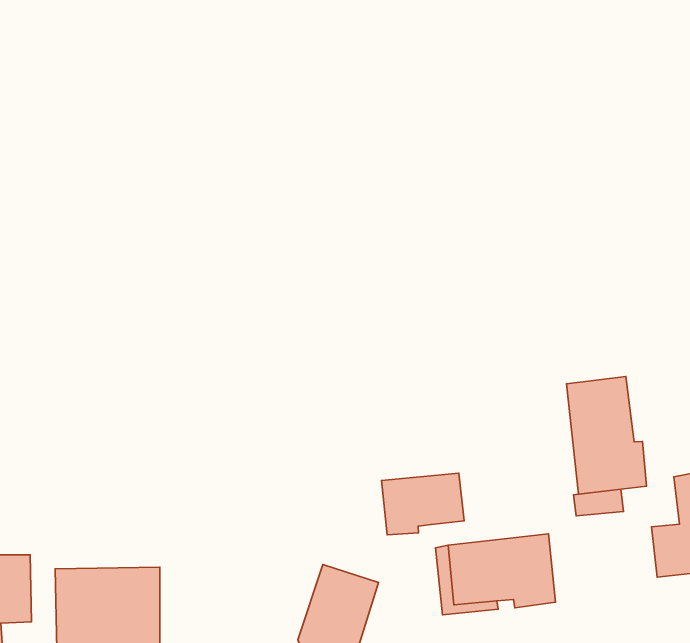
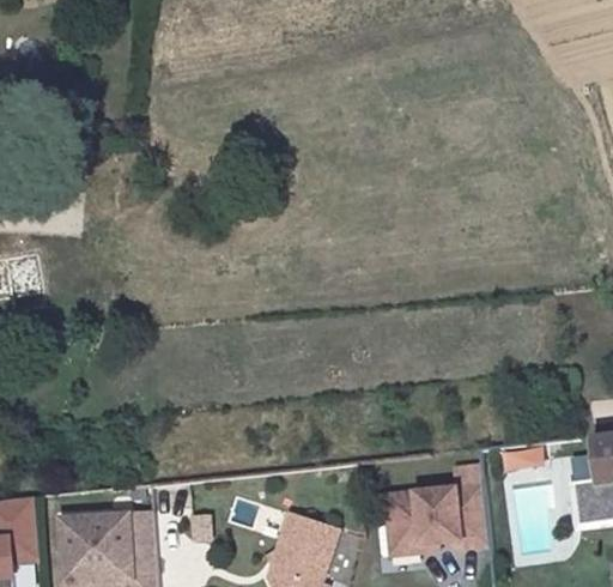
building: [566,376,646,494] -> none
building: [382,473,464,535] -> none

